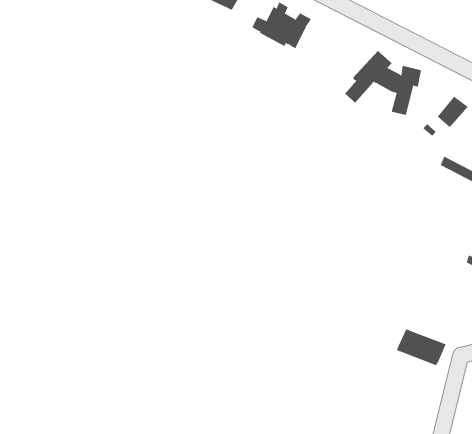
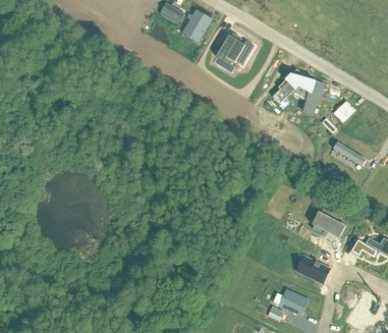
building: none -> [312,208,345,238]
building: none -> [279,290,307,315]

